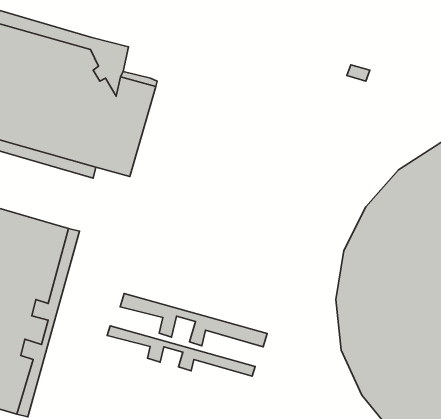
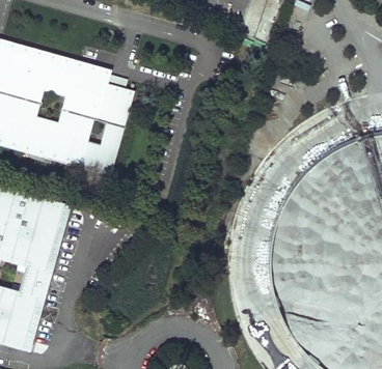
building: [120,293,267,347] -> none
building: [107,326,255,376] -> none

